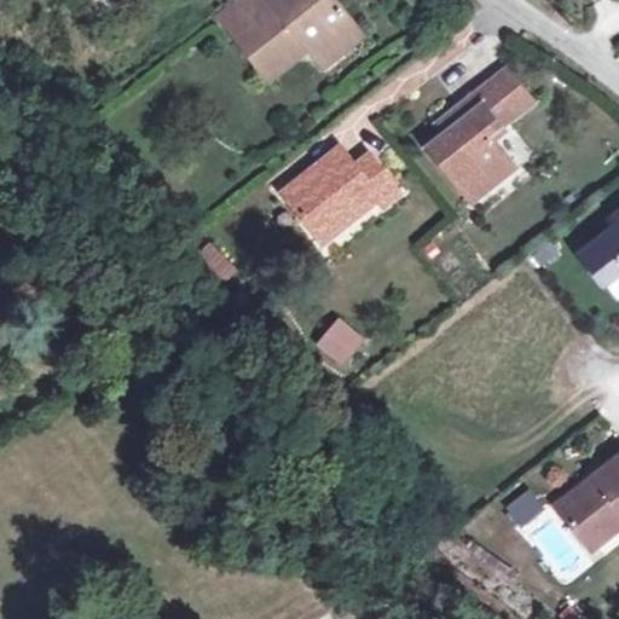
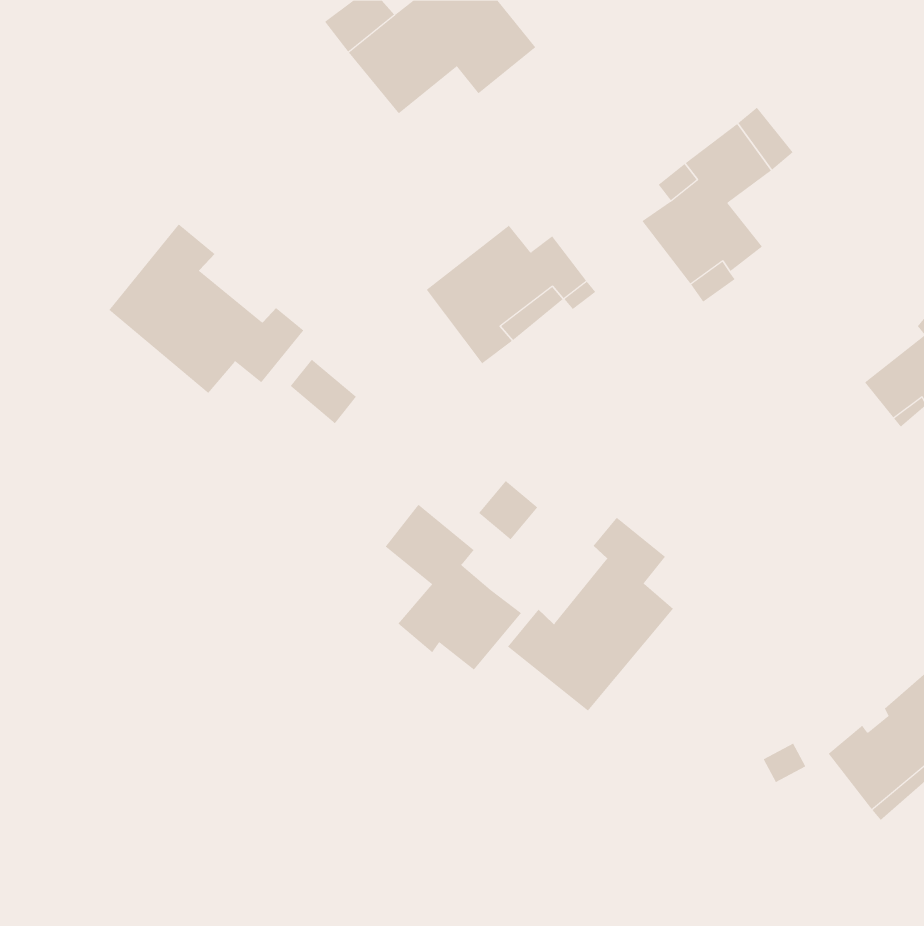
building: none -> [109,224,304,394]
building: none -> [385,504,522,670]
building: none -> [507,517,674,711]

